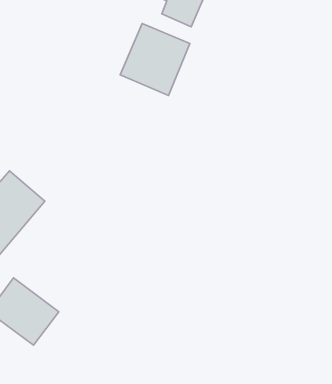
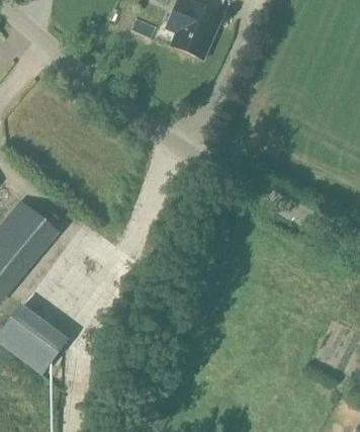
building: [120,24,190,96] -> none

